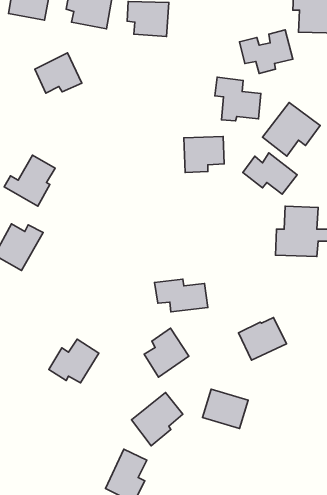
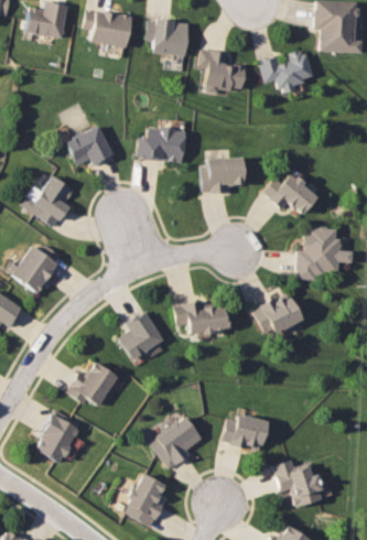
building: [35,53,82,93] -> [66,125,114,165]
building: [215,77,261,121] -> [199,48,246,93]
building: [262,103,320,156] -> none
building: none -> [137,126,186,162]
building: [239,318,286,360] -> [253,293,302,336]
building: [144,328,189,377] -> [119,311,164,360]
building: none -> [34,410,82,463]
building: none -> [273,458,323,507]

